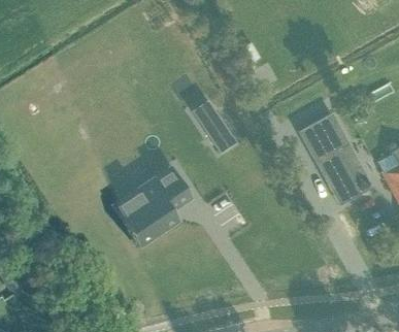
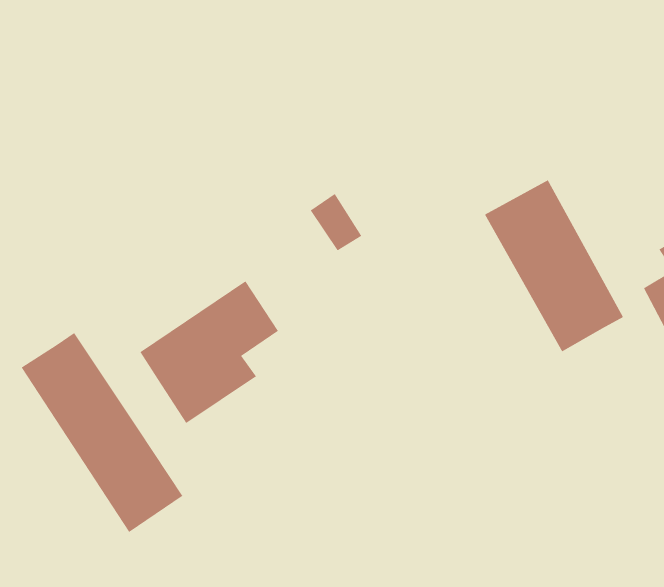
building: none -> [21,332,183,533]

